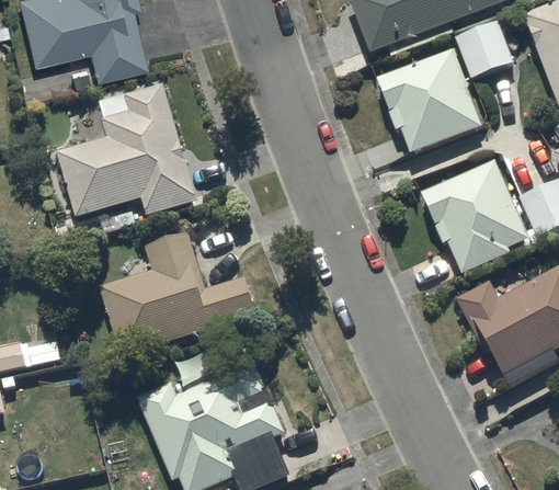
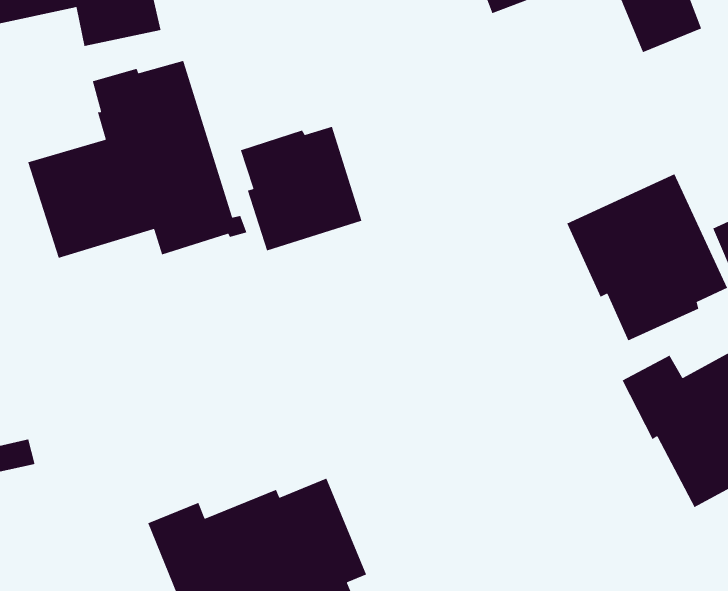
building: [376,48,482,151] -> none
building: none -> [240,126,362,251]
building: [99,232,259,356] -> none

